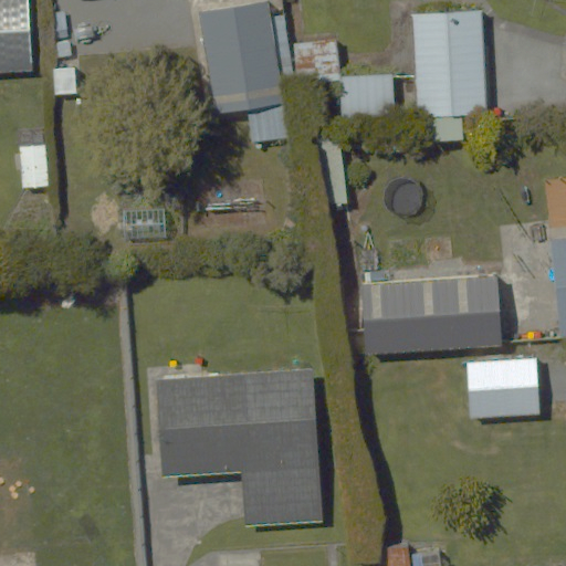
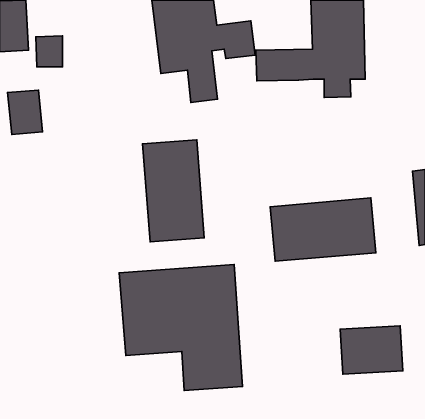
building: none -> [142,140,204,242]
building: [461,354,544,418] -> [340,326,403,374]

